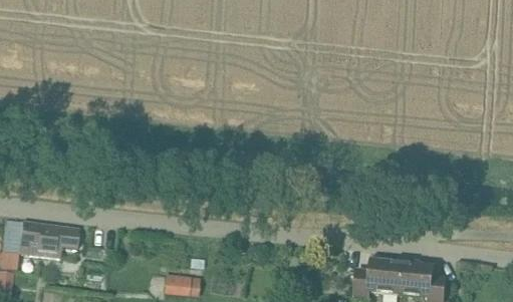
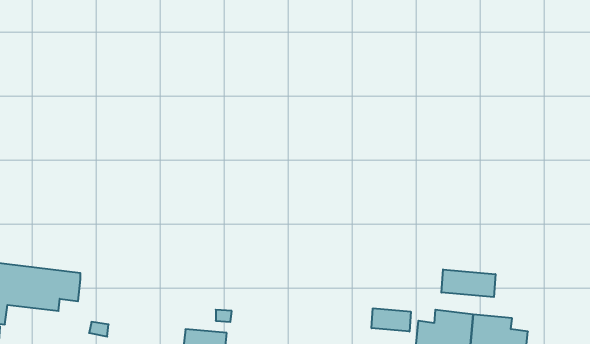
building: none -> [441,269,495,297]
building: none -> [372,308,411,332]

